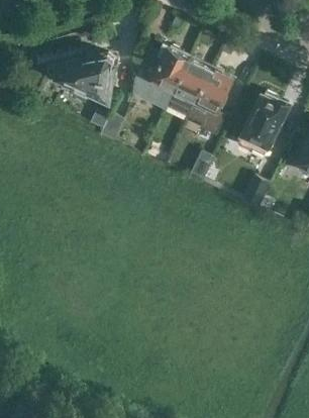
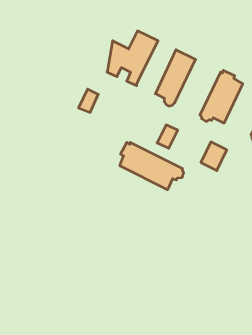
building: [48,54,114,101] -> none
building: [168,59,212,118] -> none
building: none -> [120,142,184,190]

